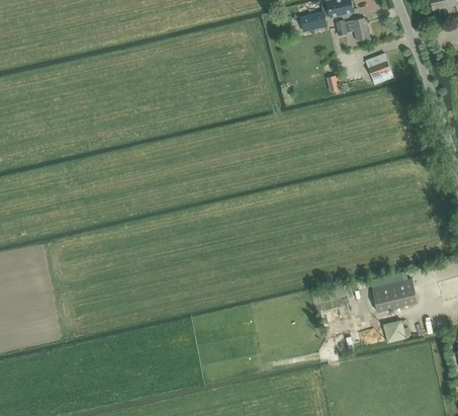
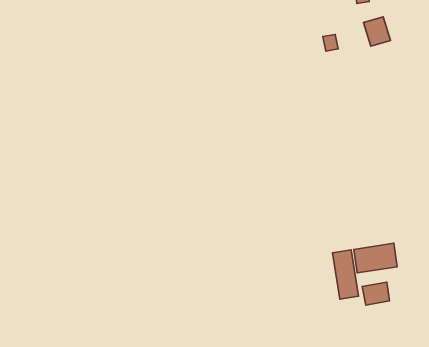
building: none -> [333,250,358,299]

